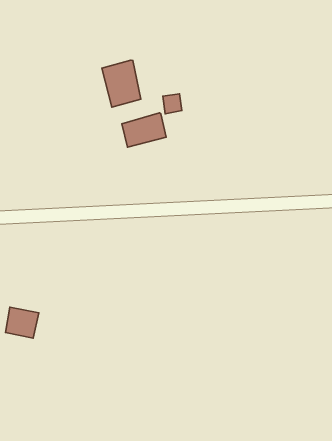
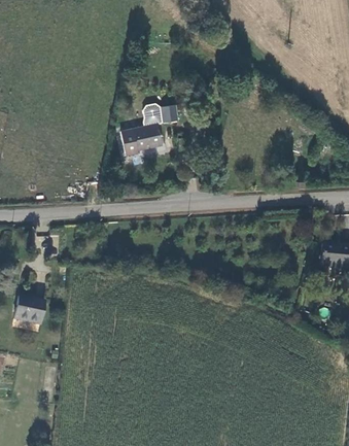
building: [102,60,141,107] -> none

